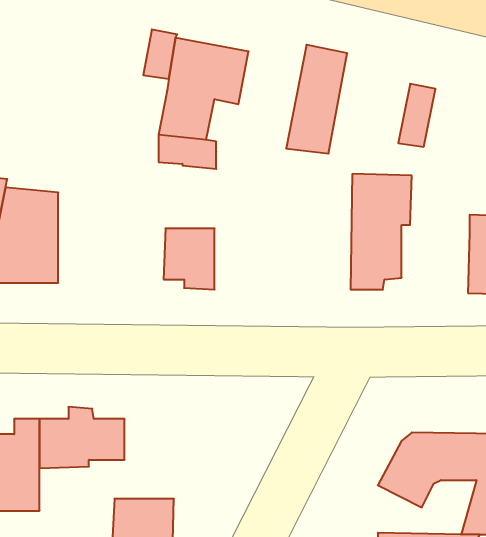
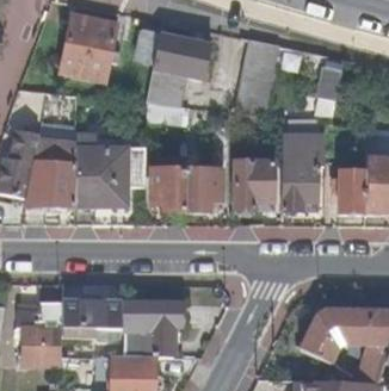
building: none -> [60,14,119,81]
building: none -> [76,128,146,206]
building: none -> [233,161,272,209]
building: none -> [186,167,222,210]
building: none -> [338,170,365,212]
building: none -> [123,300,183,356]

